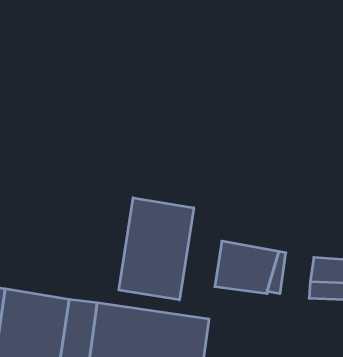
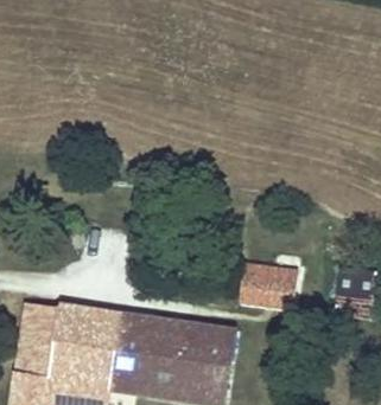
building: [119,198,194,300] -> none

